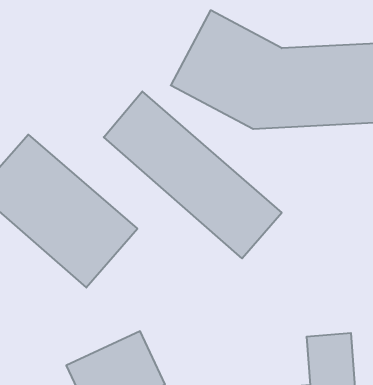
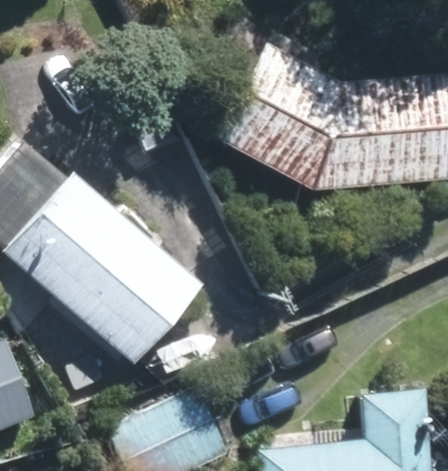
building: [104,91,282,258] -> none

